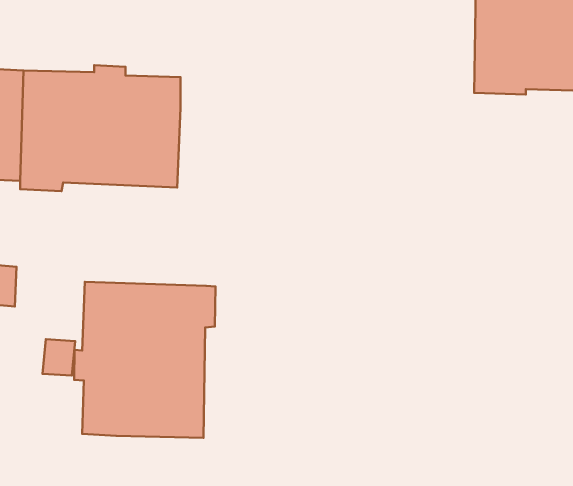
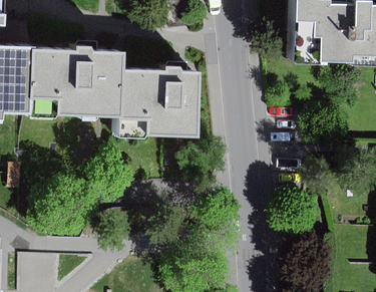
building: none -> [116,64,195,137]
building: [74,282,216,438] -> none

